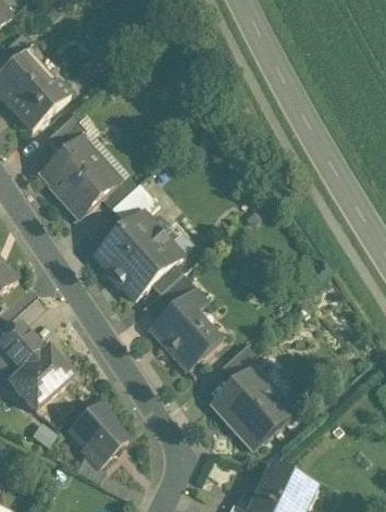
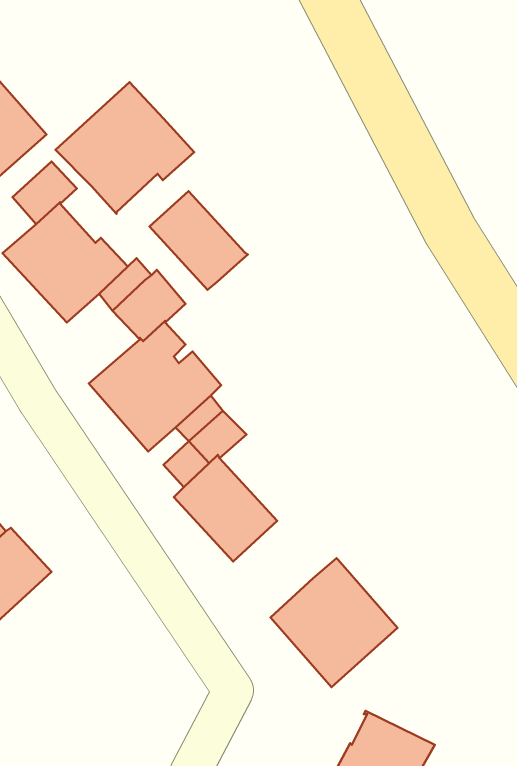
building: none -> [55,82,194,214]
building: none -> [150,191,248,290]
building: [224,344,262,379] -> none
building: [69,403,127,465] -> none

